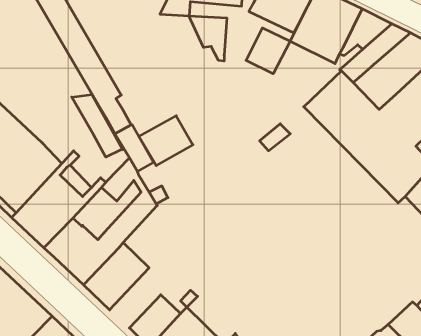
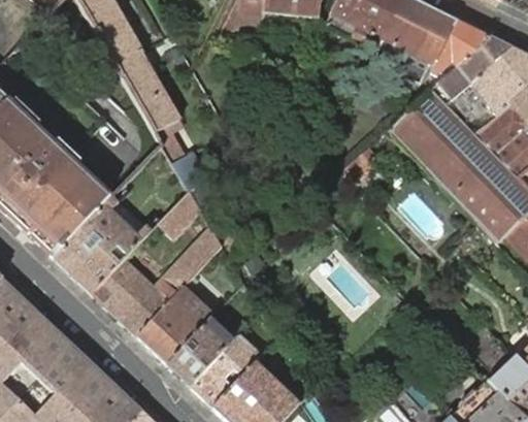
building: [189,16,227,61] -> none
building: [246,28,290,74] -> none
building: [72,94,123,157] -> none
building: [139,116,193,166] -> none
building: none -> [167,314,237,385]

